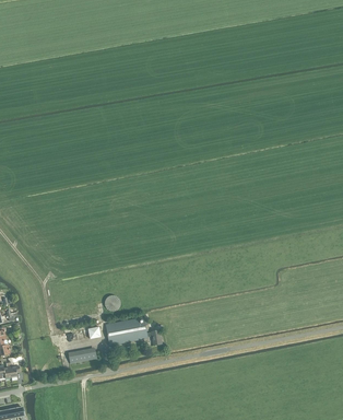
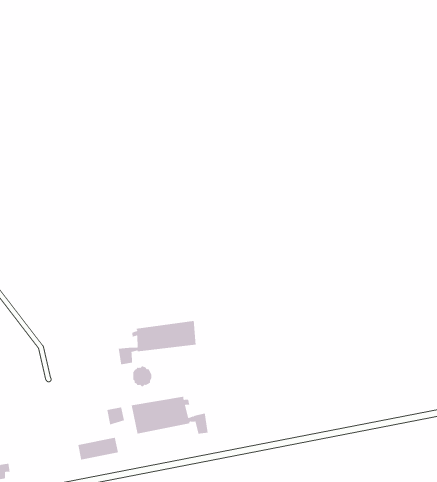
building: none -> [118,320,196,365]

